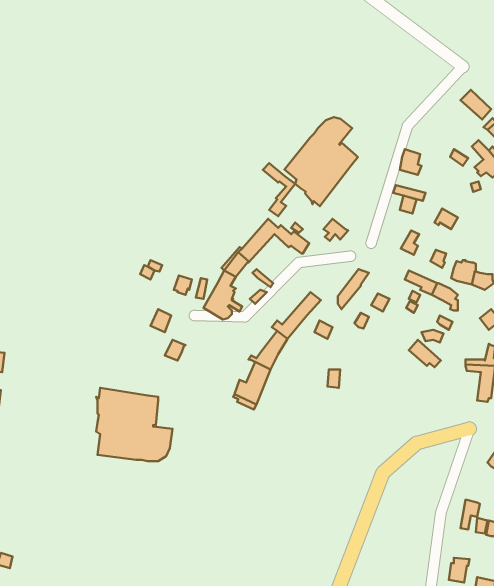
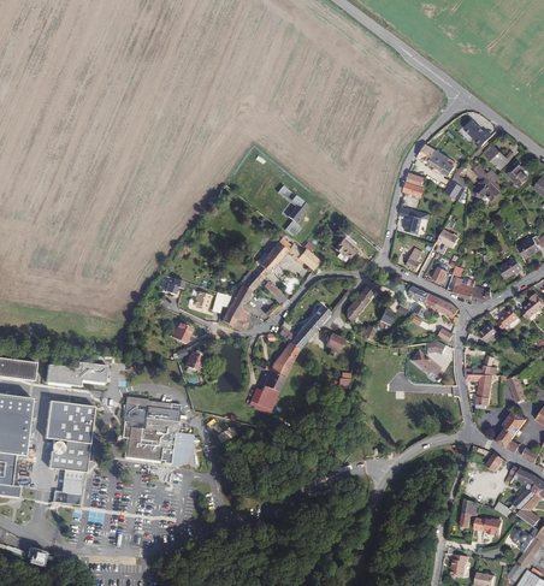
building: [284,117,358,206] -> none
building: none -> [416,144,455,176]
building: none -> [47,362,107,386]
building: none -> [46,401,94,504]

